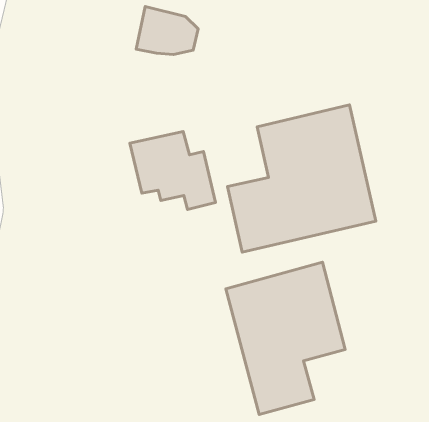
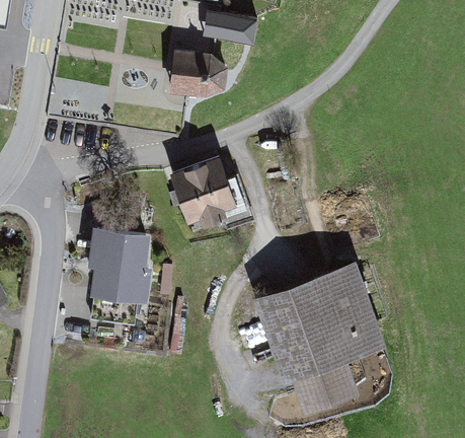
building: [227,105,376,252] -> none
building: none -> [91,229,147,324]

